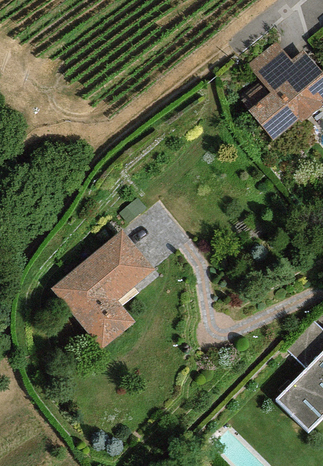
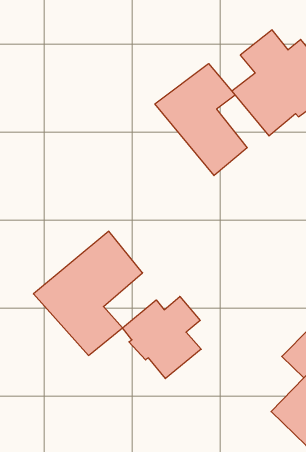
building: none -> [155,64,247,176]
building: none -> [122,296,201,379]

